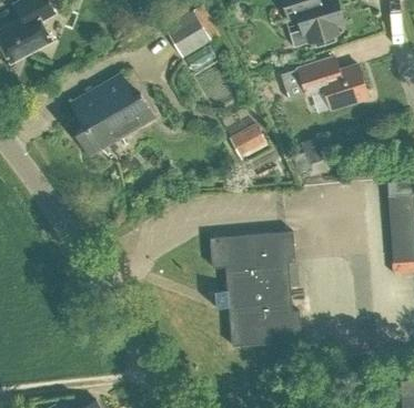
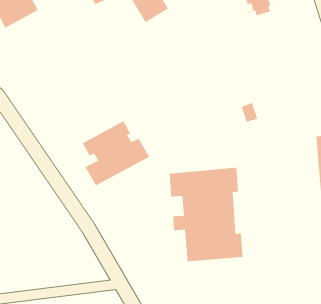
building: [280,59,367,109] -> none
building: [71,76,154,156] -> [82,121,150,186]
building: [229,124,266,156] -> none

